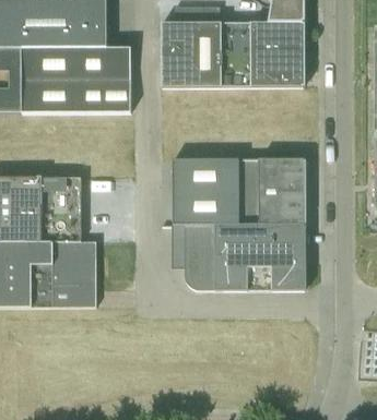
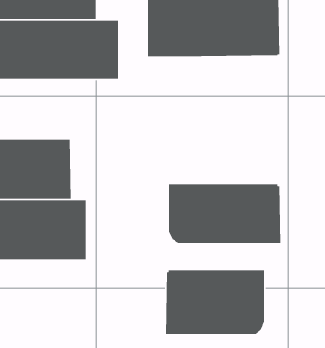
building: [172,158,305,225] -> none
building: none -> [165,269,265,335]

